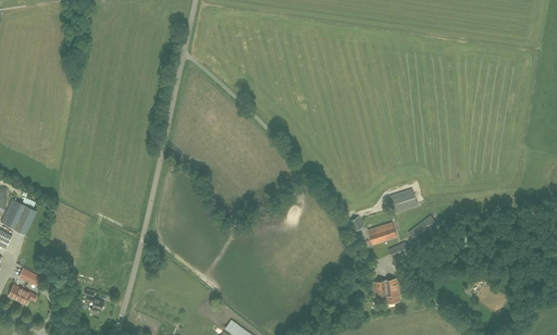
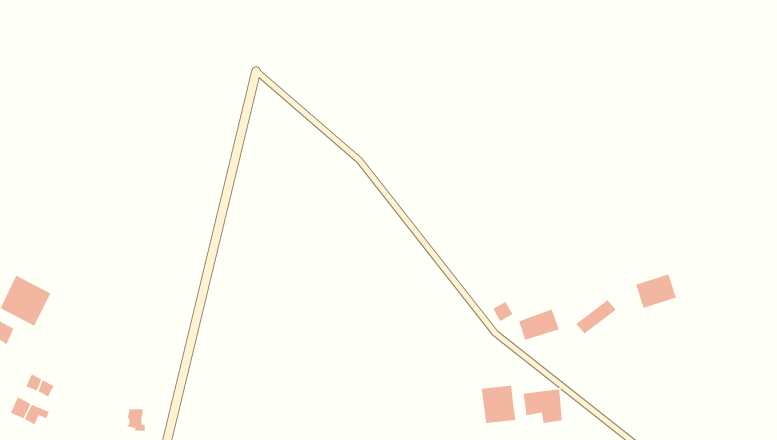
building: [388,188,418,213] -> [635,274,677,309]
building: none -> [481,385,516,424]

